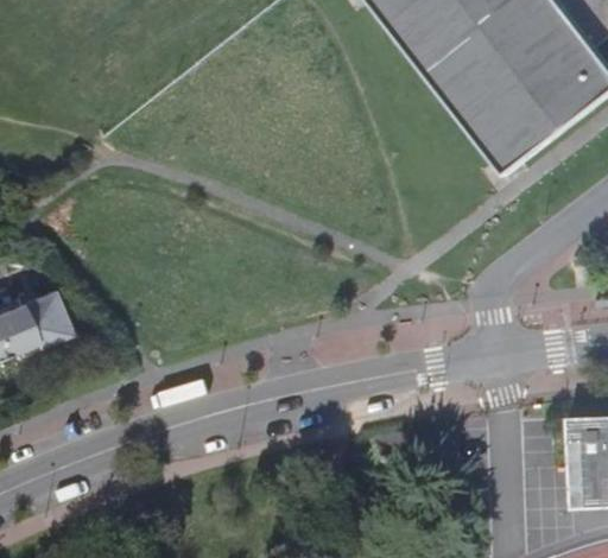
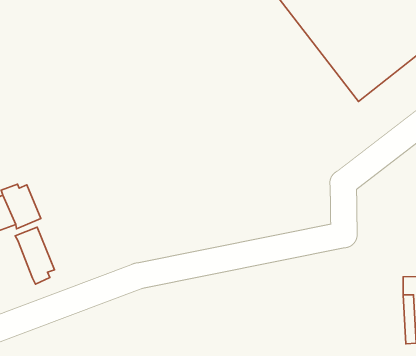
building: none -> [15,227,55,284]

